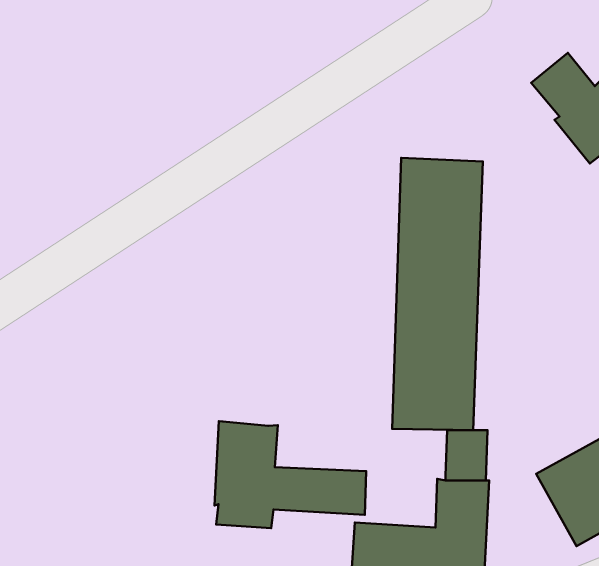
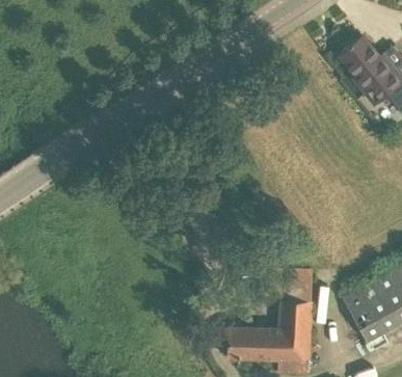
building: [392,158,483,430] -> none
building: [215,421,366,528] -> none

